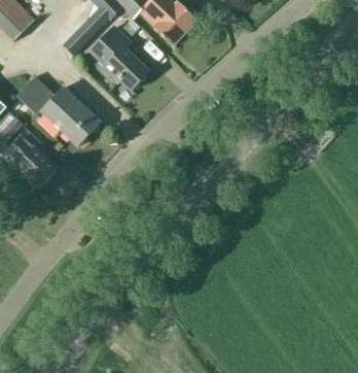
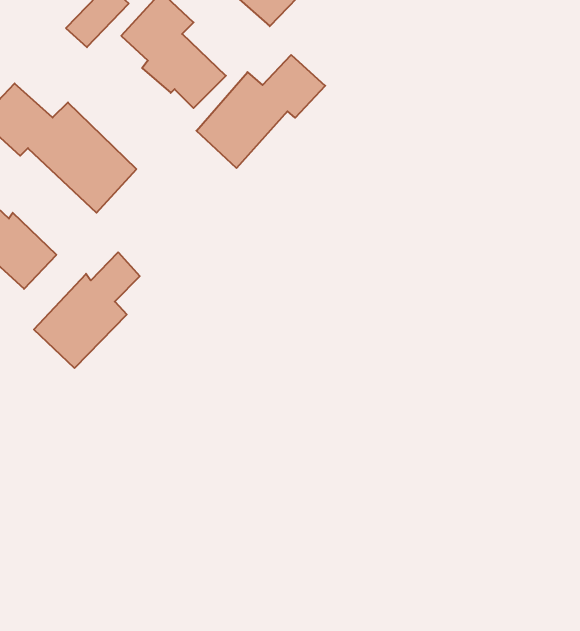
building: none -> [196,55,325,168]
building: none -> [34,252,140,368]

